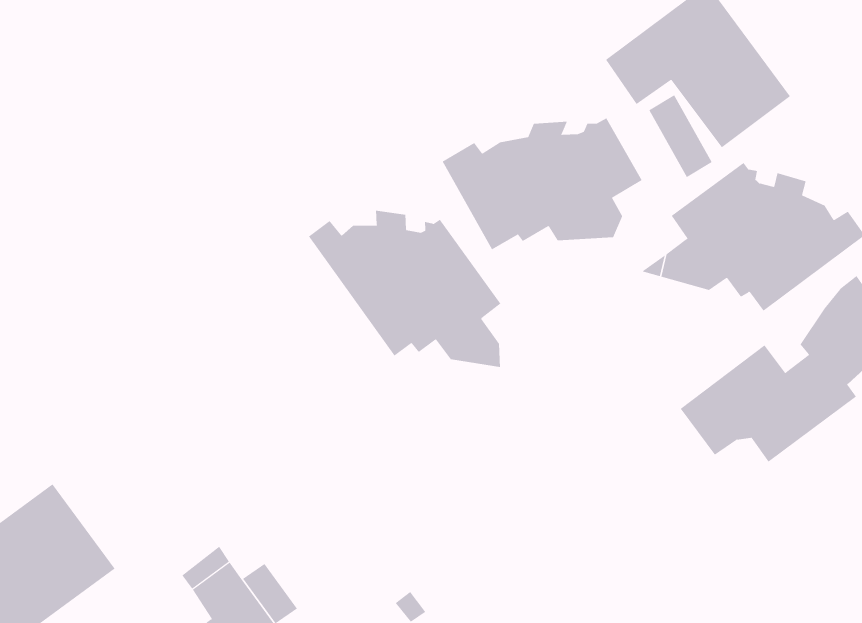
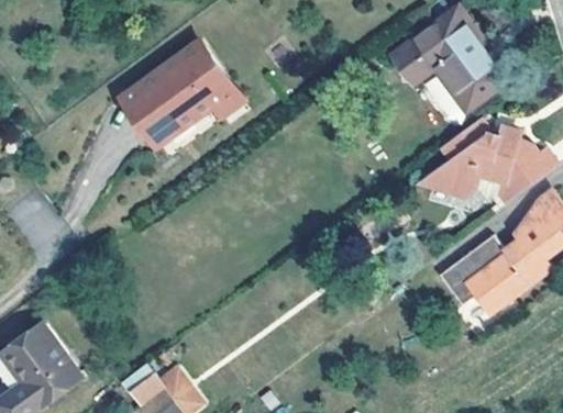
building: none -> [122,42,242,145]
building: [442,118,642,250] -> none
building: [308,210,501,368] -> none

